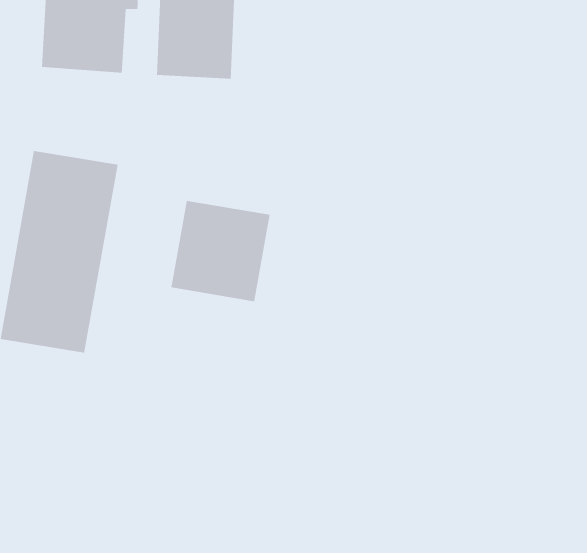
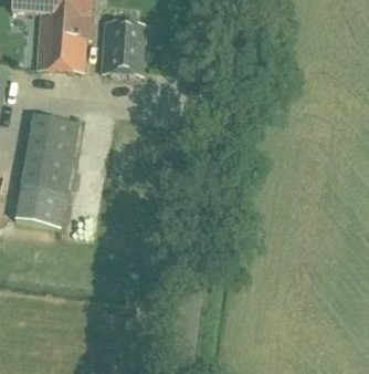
building: [171,200,270,302] -> none

